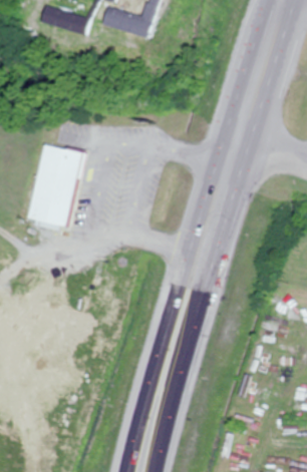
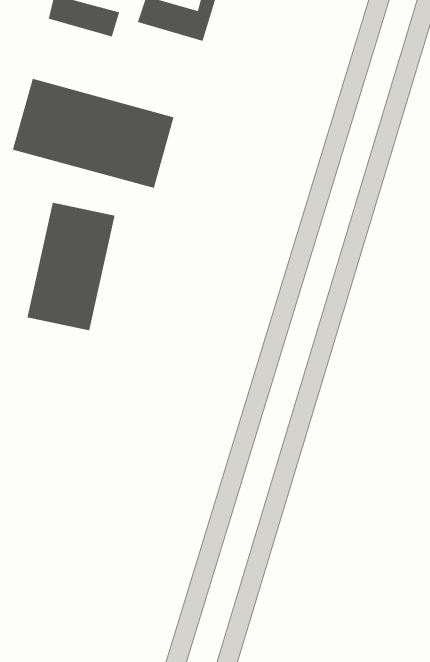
building: none -> [12,78,175,189]

